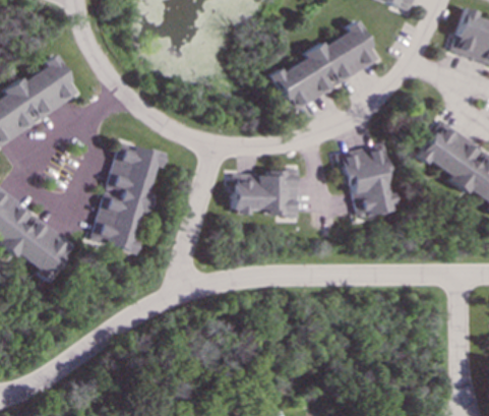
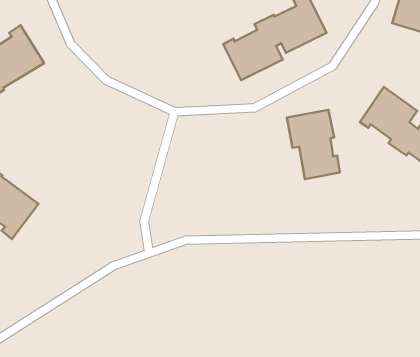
building: [90,140,164,252] -> none
building: [231,164,300,216] -> none

